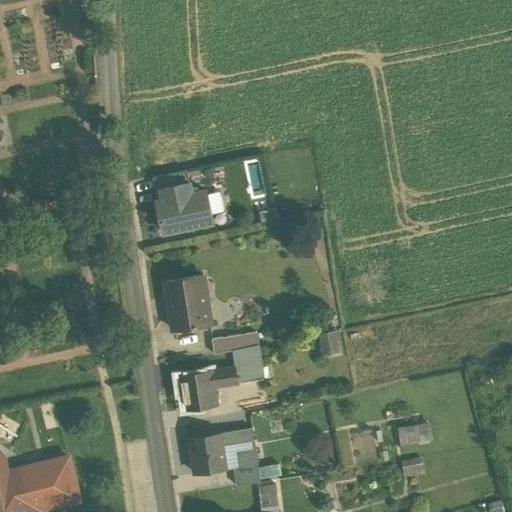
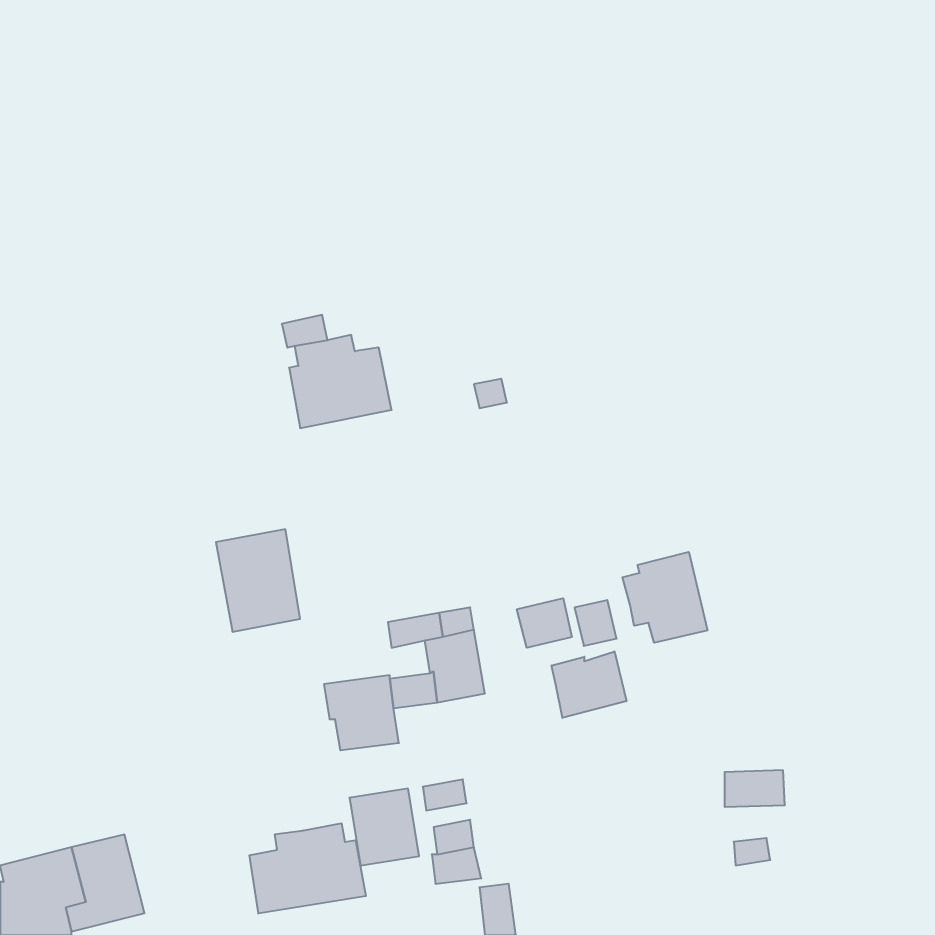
building: [165,275,211,331] -> [216,529,300,632]
building: none -> [622,552,707,643]
building: none -> [517,598,572,648]
building: none -> [552,651,626,718]
building: none -> [249,823,366,914]

